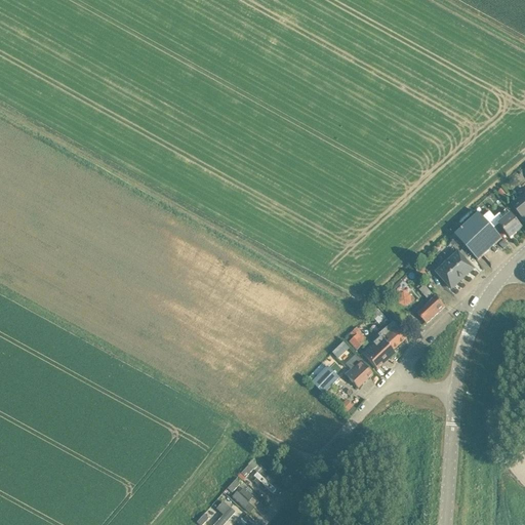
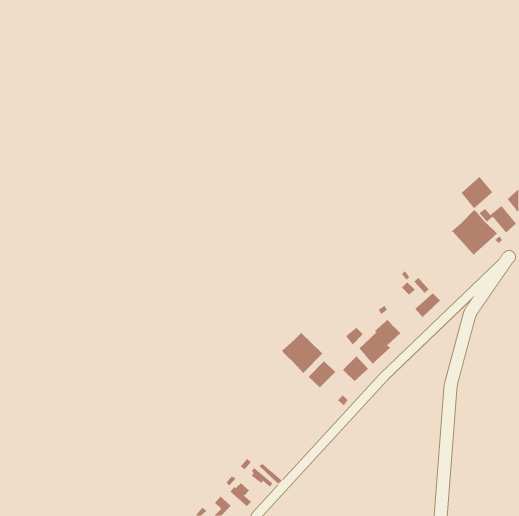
building: none -> [461,176,493,209]
building: [437,250,474,286] -> none
building: none -> [281,331,323,374]

